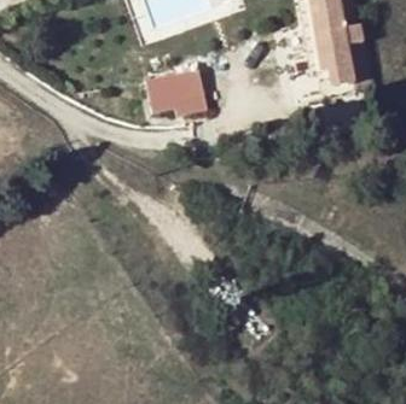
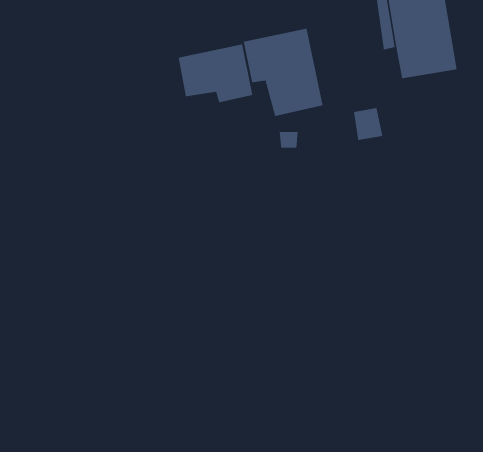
building: none -> [243,28,323,117]

